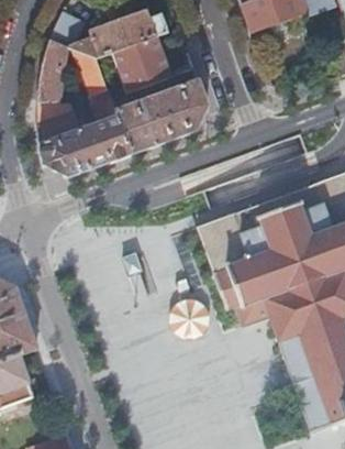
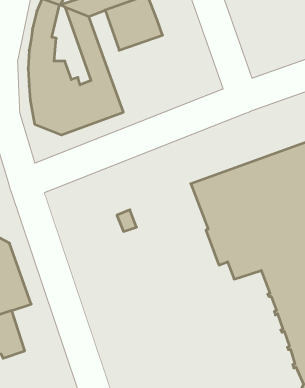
building: [114,78,208,153] -> none

